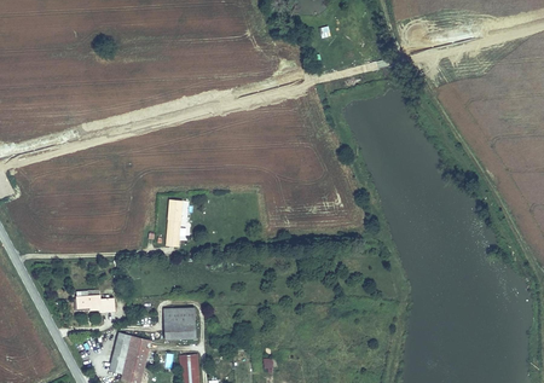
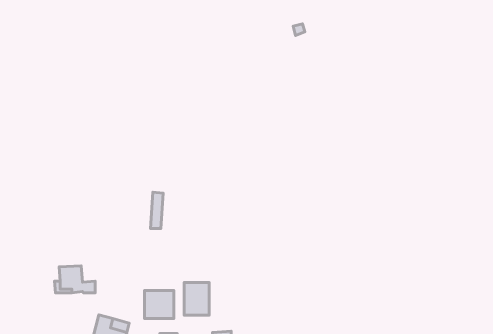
building: none -> [184,283,209,315]

